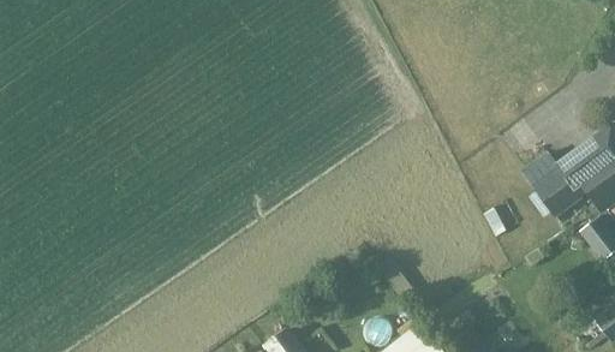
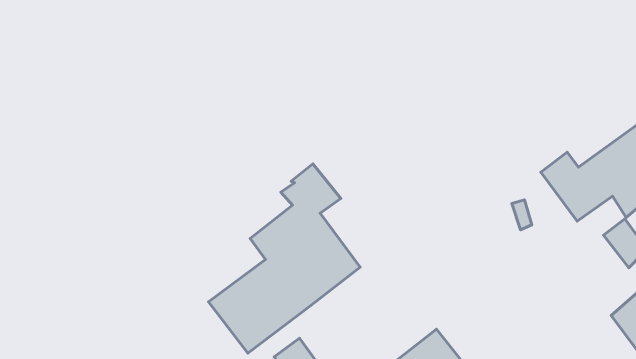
building: none -> [208,164,360,353]

